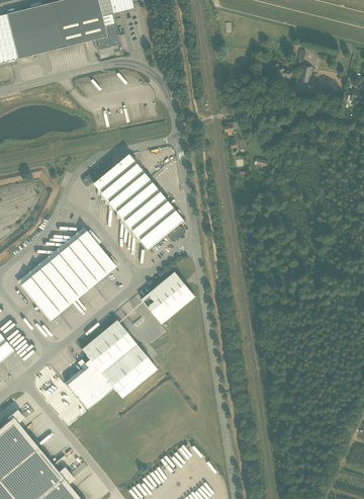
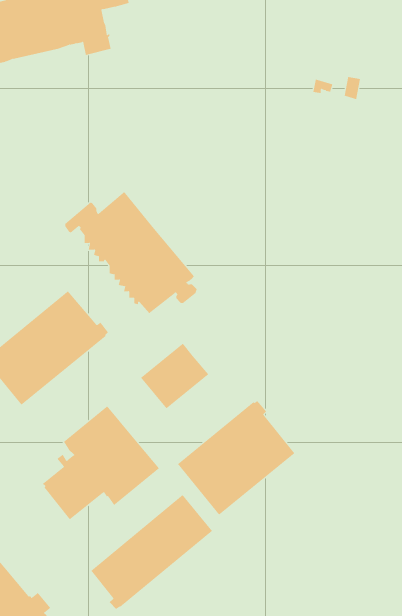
building: none -> [177,400,295,516]
building: none -> [91,494,213,610]

